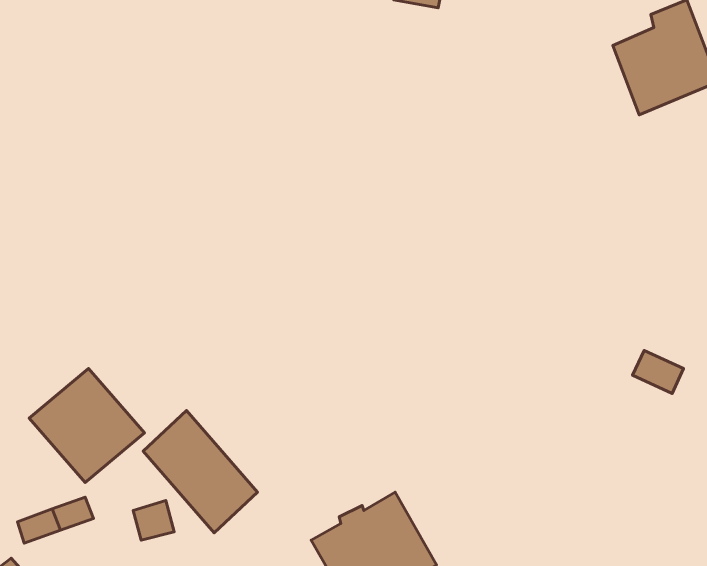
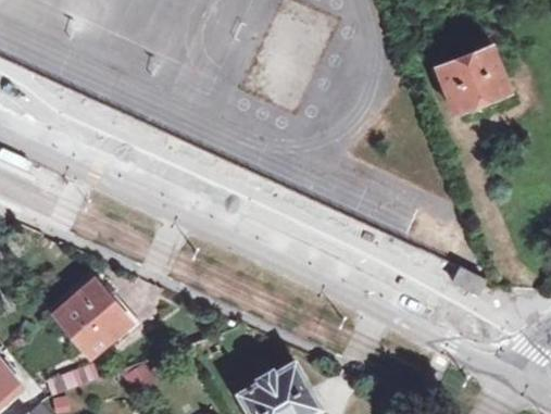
building: [143,411,258,533] -> none

